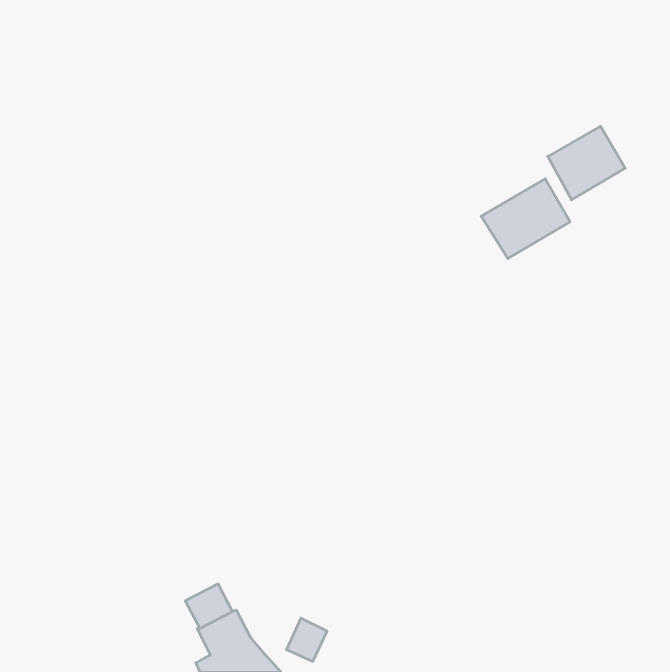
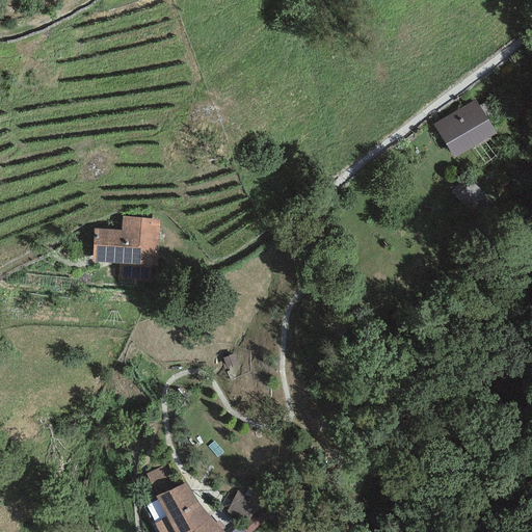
building: [481,179,570,259] -> none
building: none -> [92,217,160,266]

